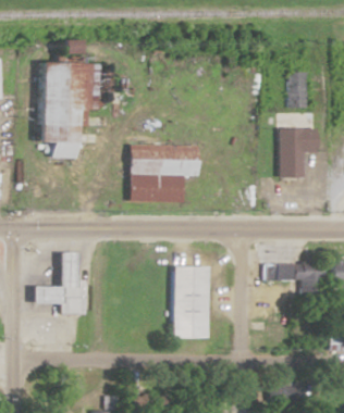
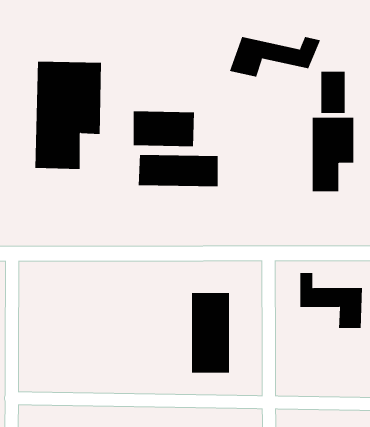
building: none -> [229,36,321,77]
building: [127,176,182,208] -> [133,111,195,147]
building: [30,250,86,313] -> none

